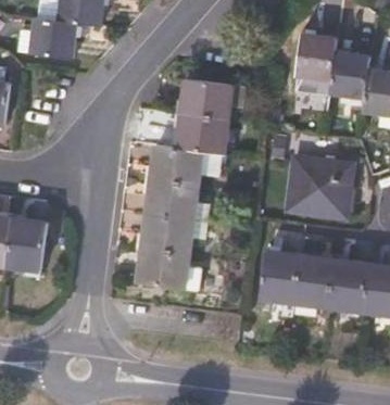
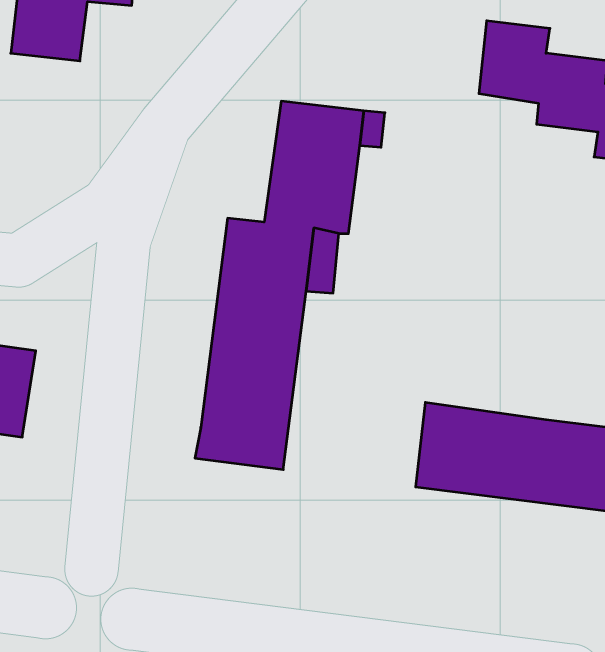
building: [287,159,353,219] -> none

